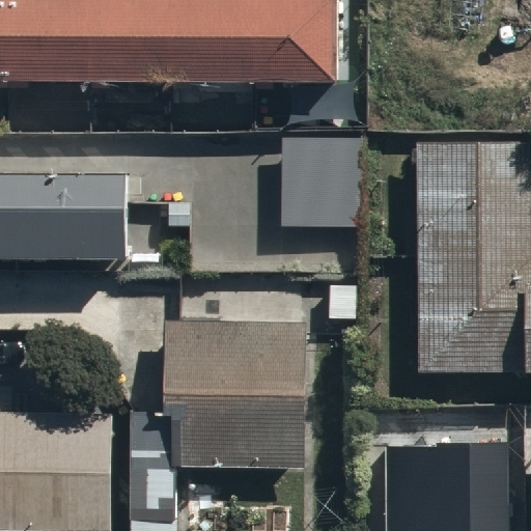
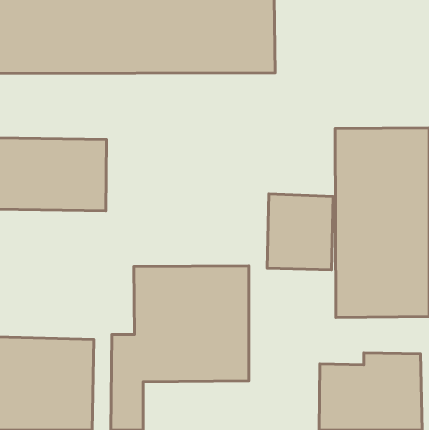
building: [277,133,358,226] -> [267,194,333,270]

